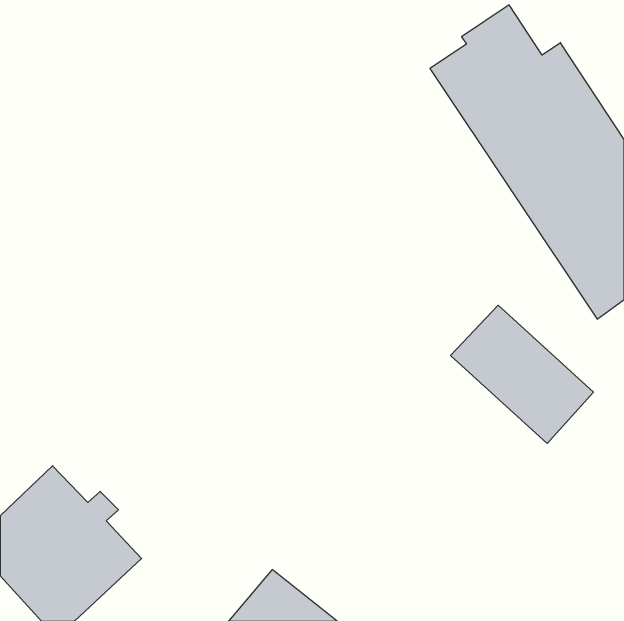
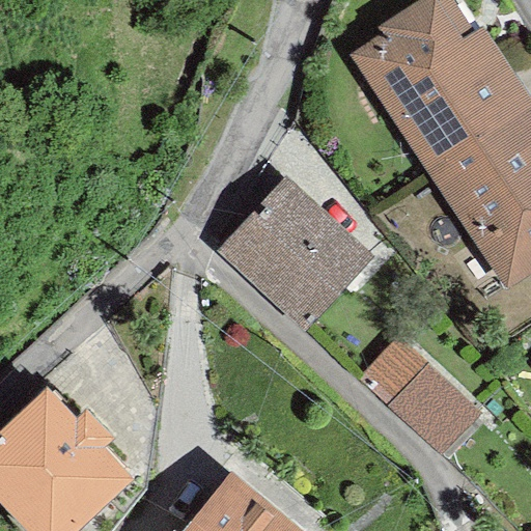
building: none -> [231,190,358,315]
building: [451,305,593,443] -> [361,338,482,455]

